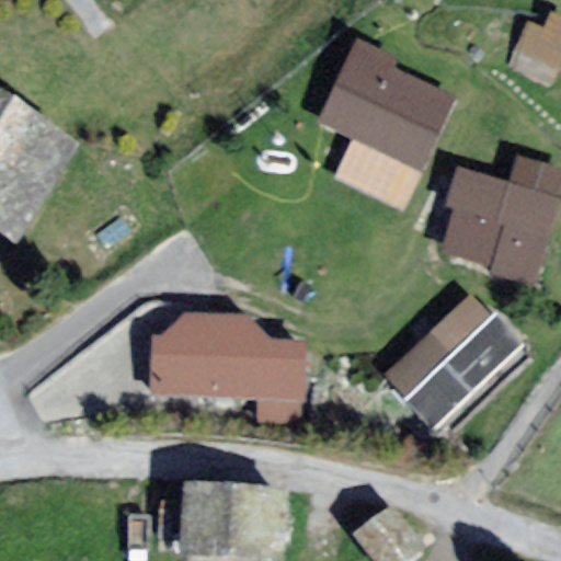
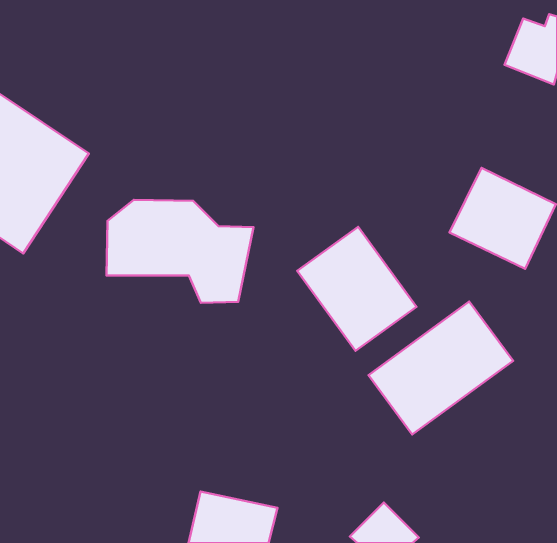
building: [331,50,450,172] -> none
building: none -> [297,227,416,351]
building: [164,316,311,419] -> [107,200,253,303]

